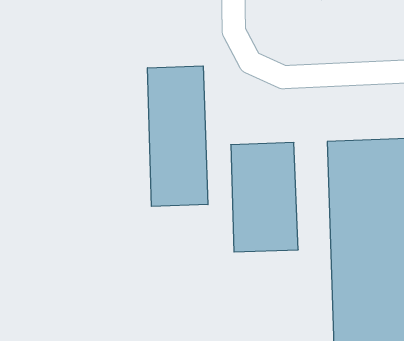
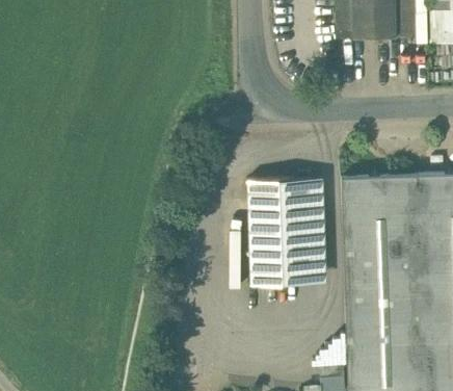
building: [148,66,208,206] -> none

